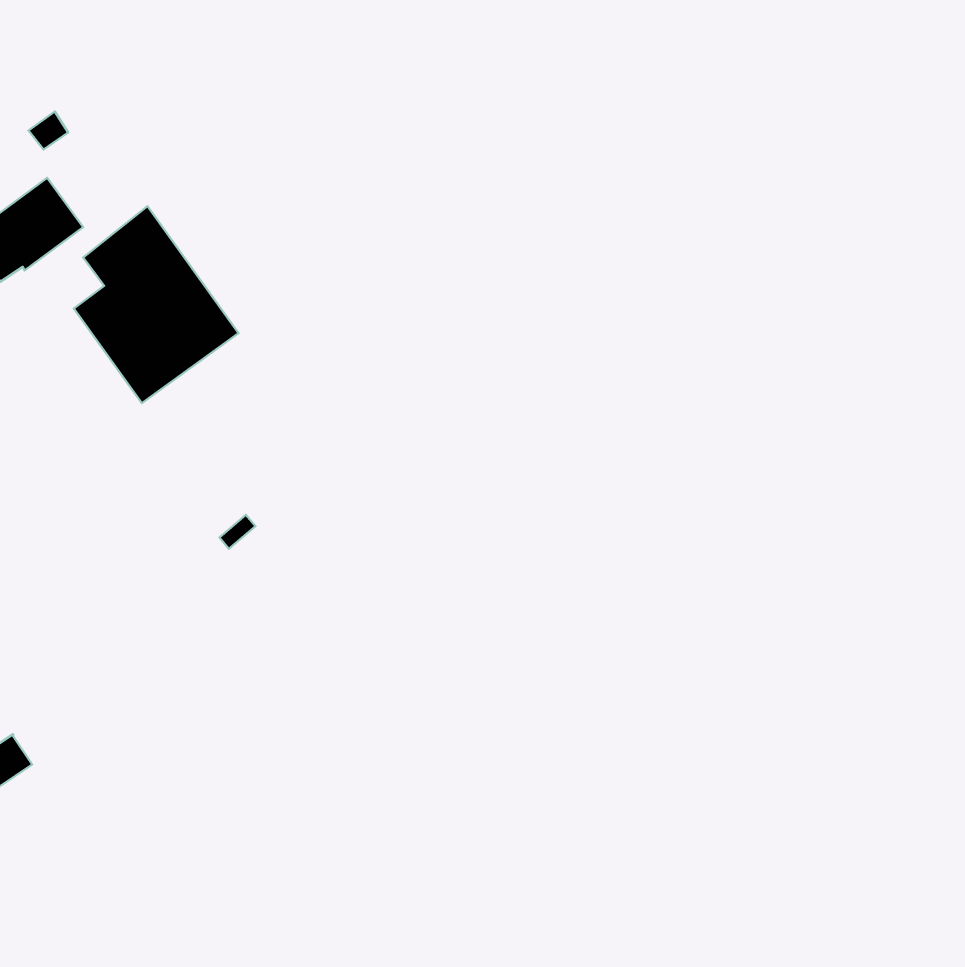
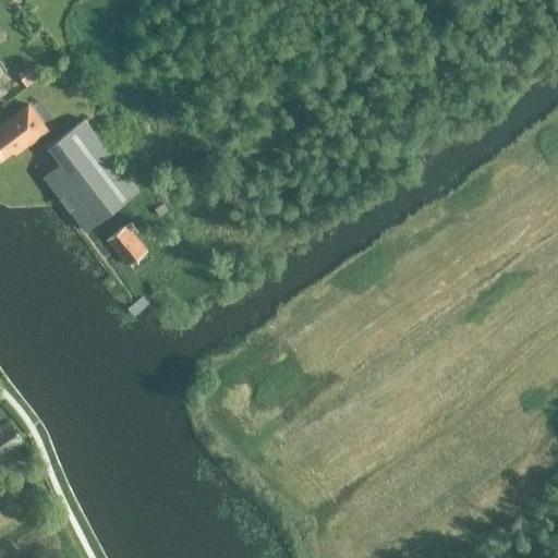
building: none -> [108,227,144,264]

